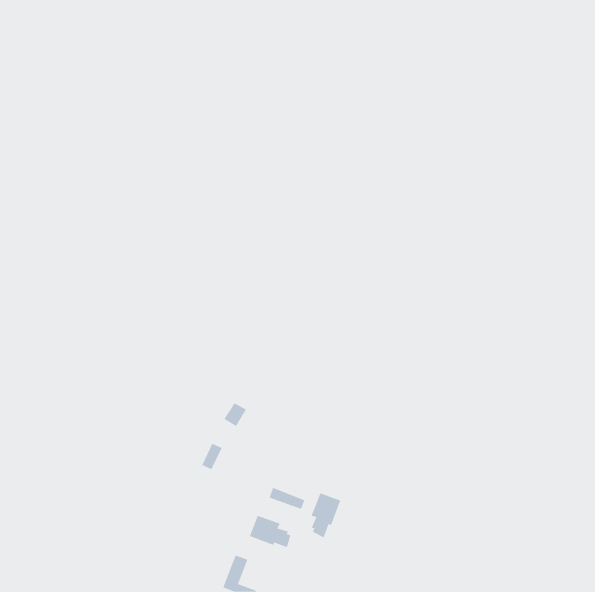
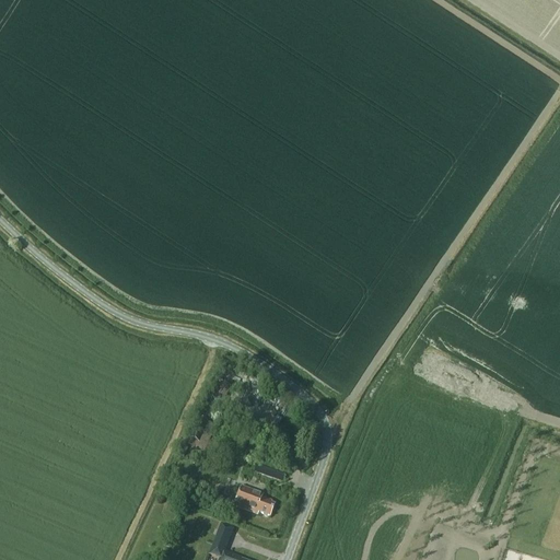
building: [311,493,341,538] -> none

